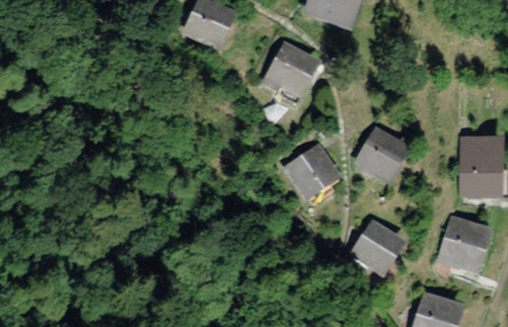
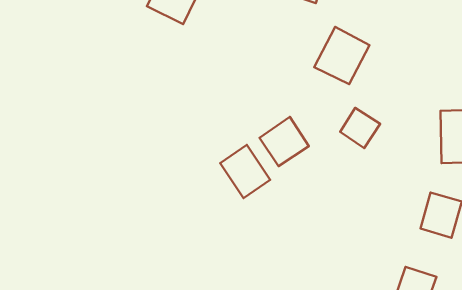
building: [260,42,315,99] -> [314,27,369,84]
building: none -> [220,145,270,198]
building: [362,219,410,265] -> none

